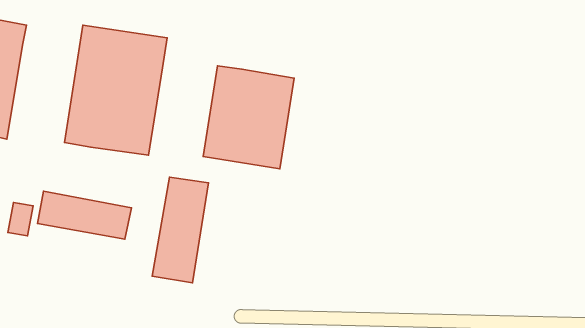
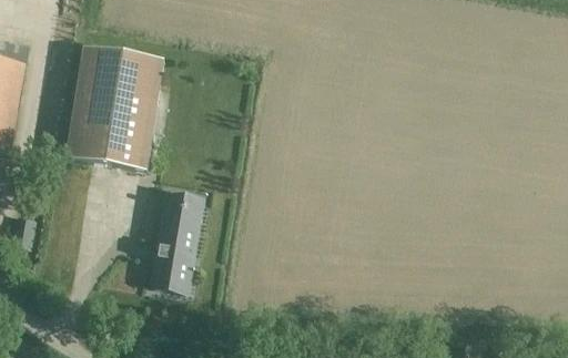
building: [203,66,294,169] -> none
building: [38,191,131,239] -> none

